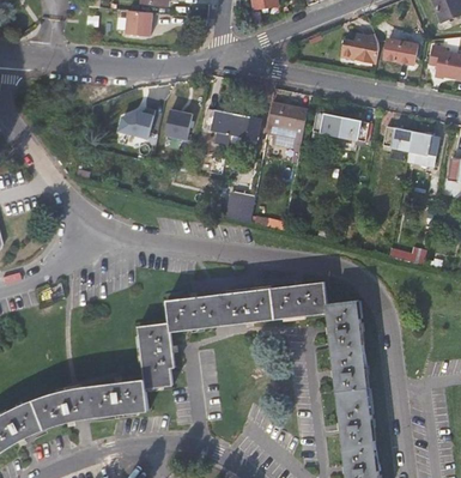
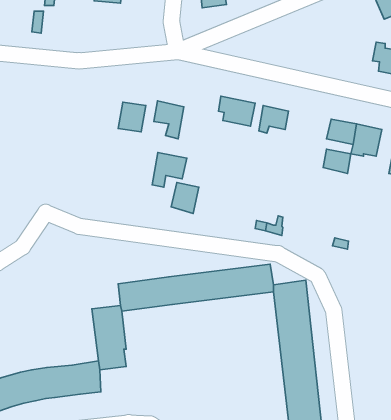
building: [126,11,152,36] -> none
building: [341,35,380,63] -> none
building: [383,37,418,65] -> none
building: [116,109,154,146] -> none
building: [228,113,263,149] -> [152,153,187,187]
building: [339,117,368,143] -> [323,149,351,173]

